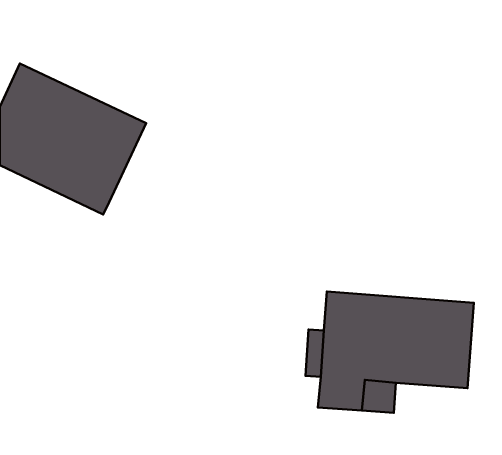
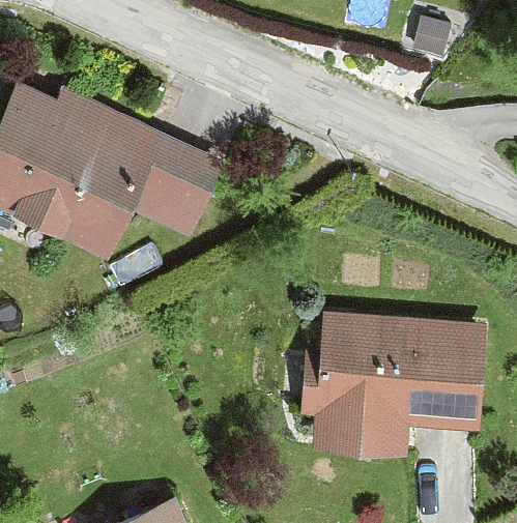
building: none -> [21,77,212,256]

